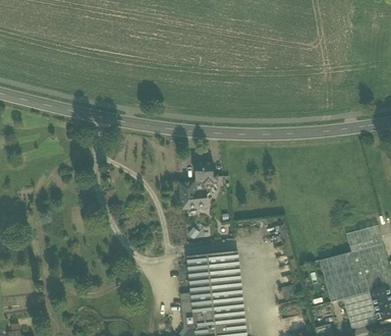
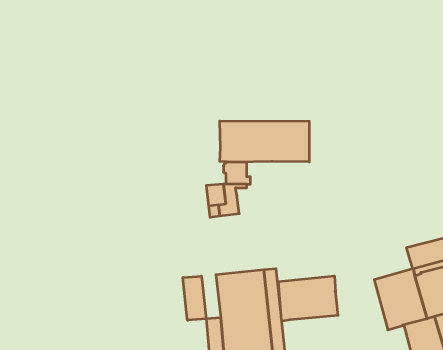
building: none -> [220,121,309,162]
building: none -> [279,276,338,321]
building: none -> [183,276,206,320]

